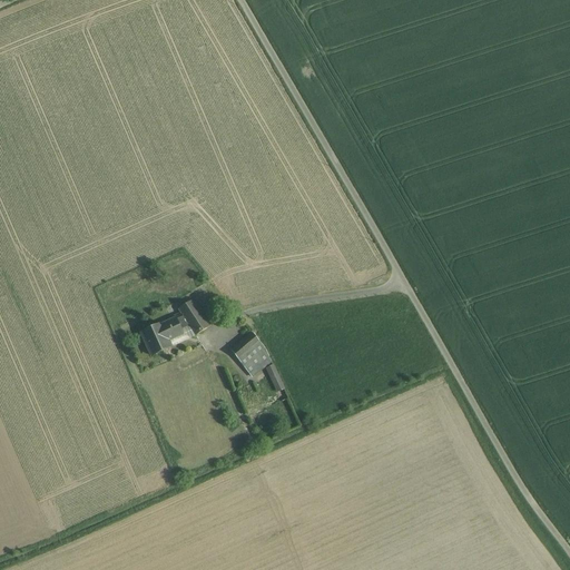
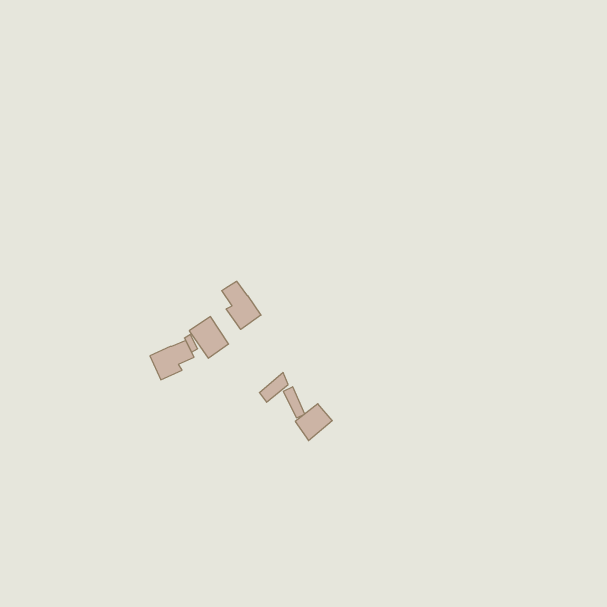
building: none -> [222,281,261,329]
building: [230,333,265,367] -> [295,404,332,441]

